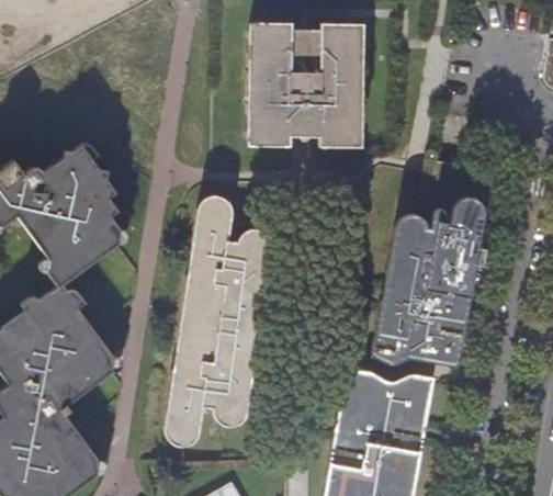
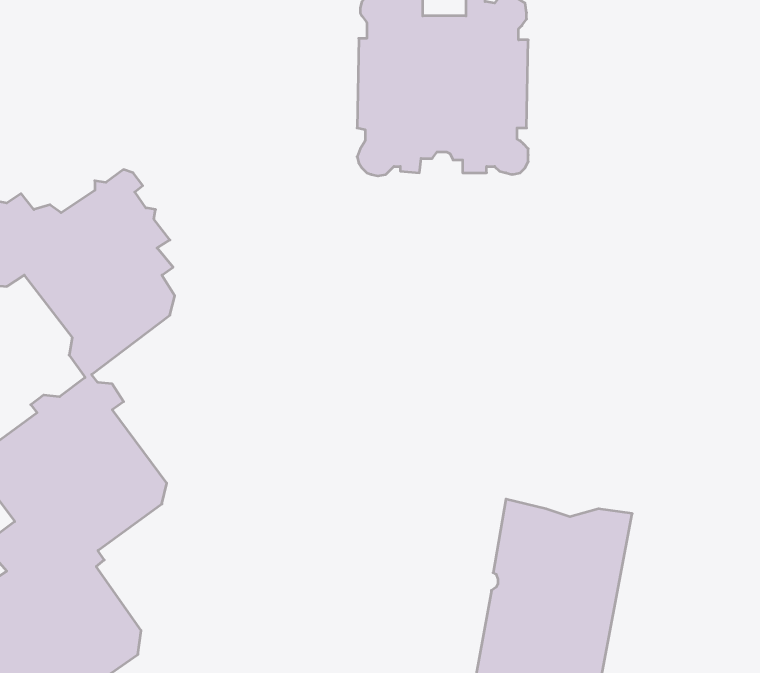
building: [165,194,272,449] -> none
building: [372,195,485,370] -> none

